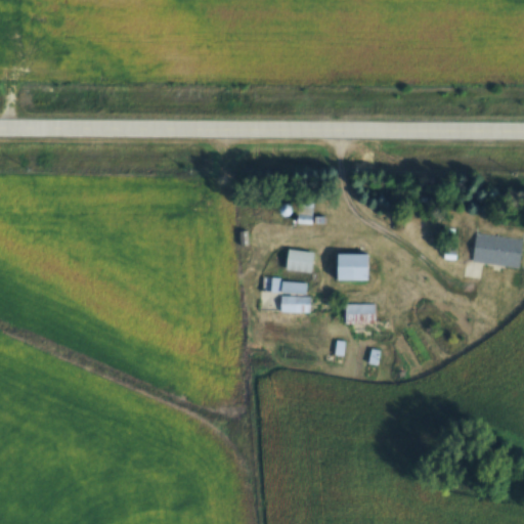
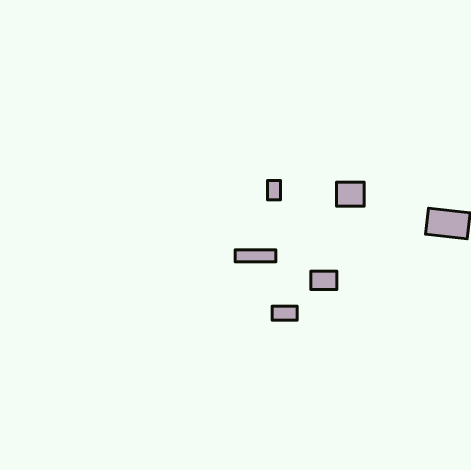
building: [286,249,314,273] -> none
building: [339,254,369,280] -> [336,182,364,206]
building: [281,297,309,312] -> [272,306,297,320]

